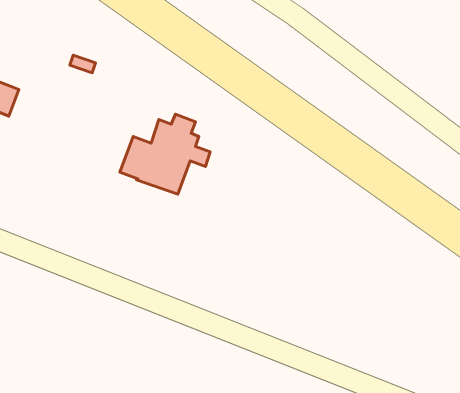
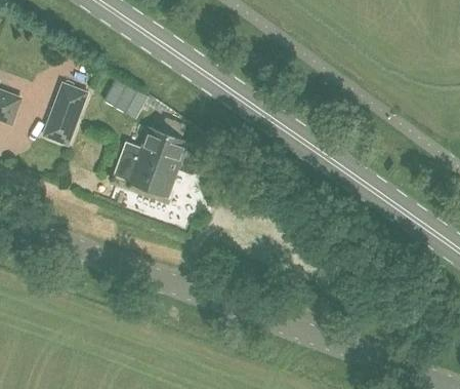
building: none -> [103,81,147,118]
building: none -> [43,84,87,146]

